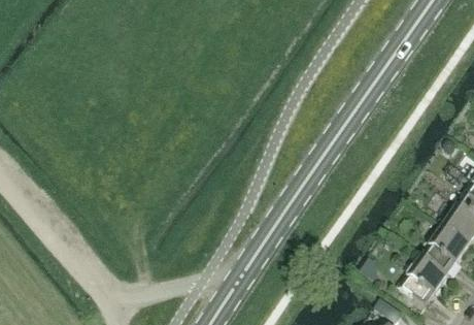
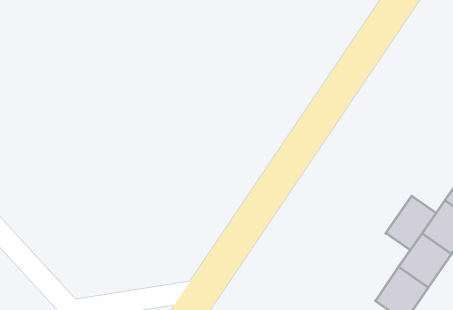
building: none -> [386,196,436,250]

